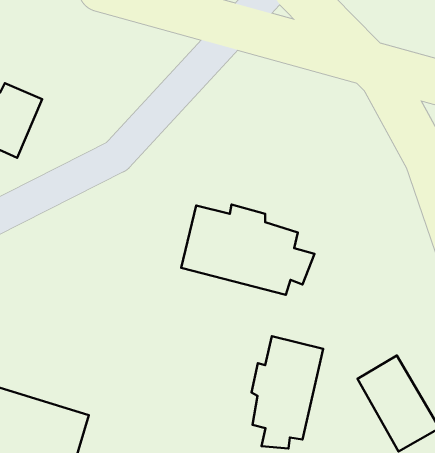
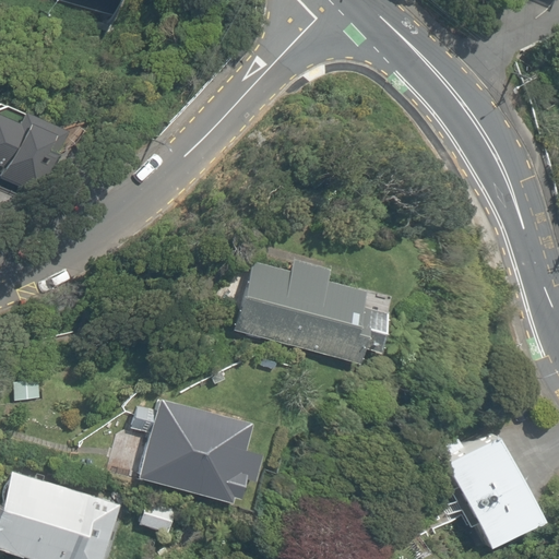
building: none -> [124,399,270,500]
building: [252,336,323,449] -> none

